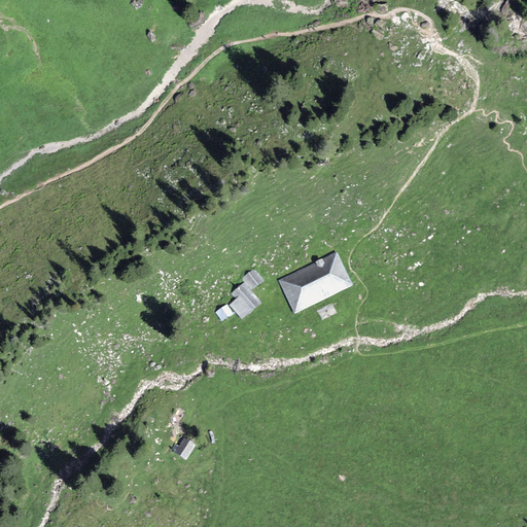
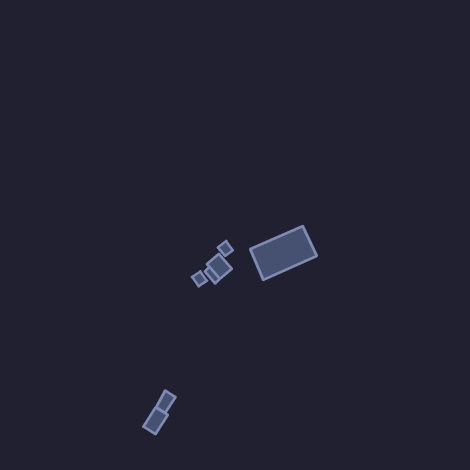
building: none -> [143,408,168,434]

